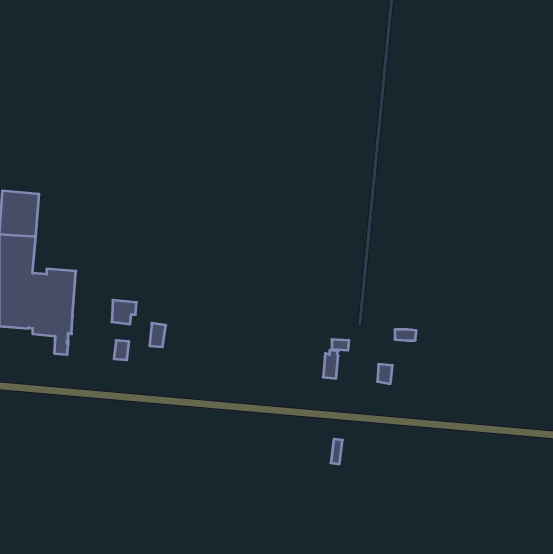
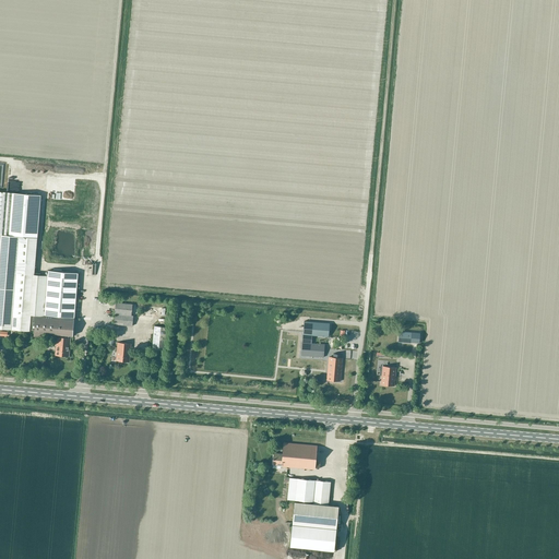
building: none -> [300,321,329,357]
building: none -> [271,443,316,469]
building: none -> [286,478,337,551]

